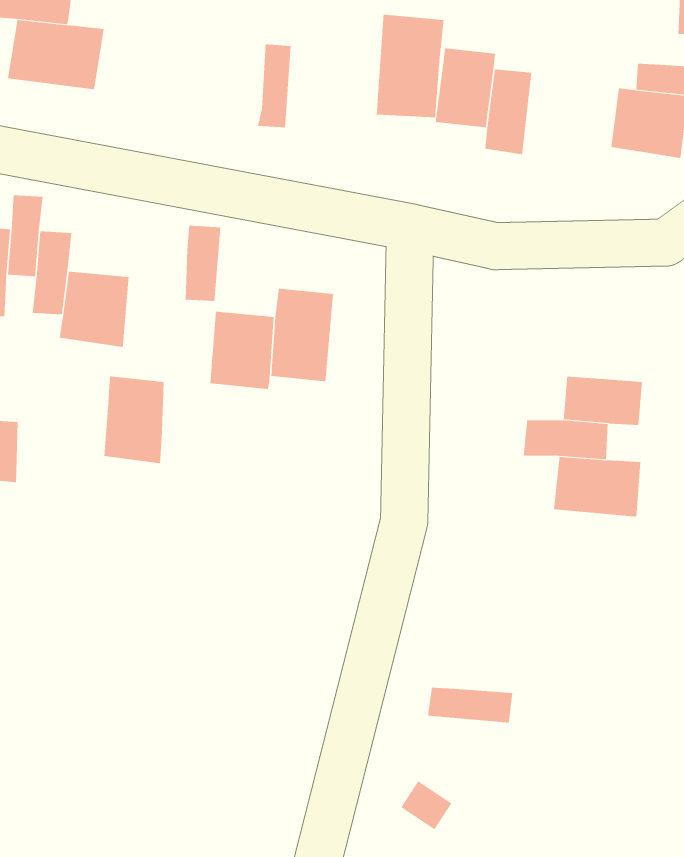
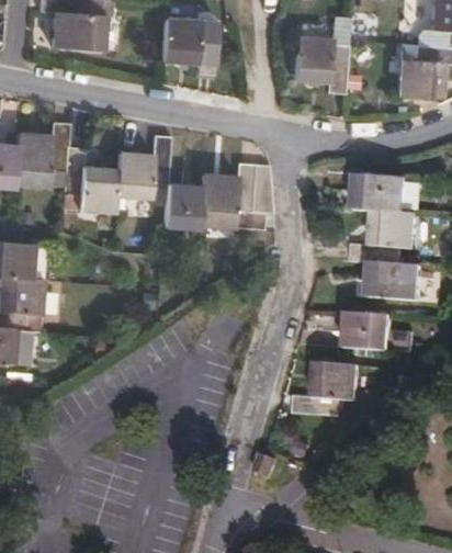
building: [376,14,444,118] -> none
building: none -> [158,16,200,65]
building: none -> [234,151,272,224]
building: none -> [351,173,405,221]
building: [103,376,165,464] -> [118,143,154,193]
building: none -> [347,316,389,351]
building: none -> [310,366,358,402]

